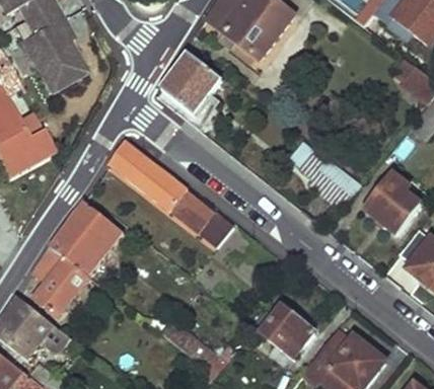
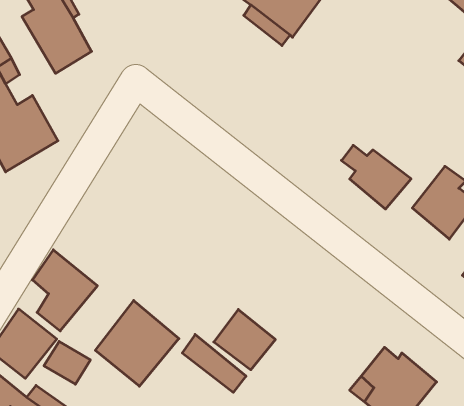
building: [159,55,218,115] -> none
building: [108,142,232,244] -> none
building: [50,202,123,277] -> [95,300,179,386]
building: [261,306,314,359] -> [214,309,275,370]

